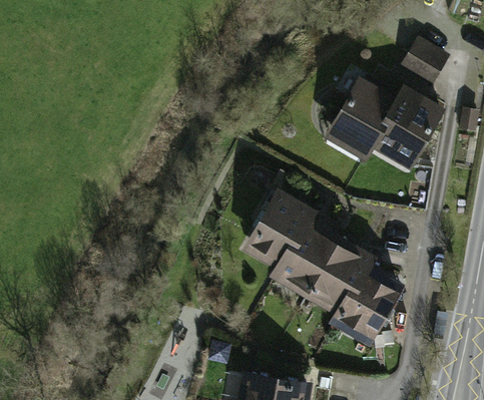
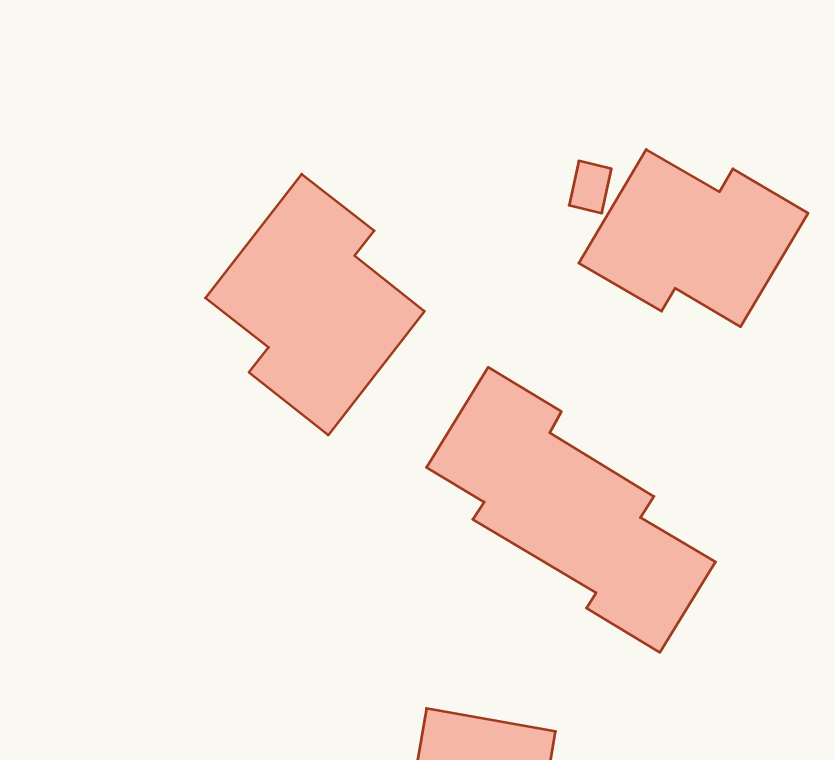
building: [399,36,451,89] -> none
building: none -> [205,174,424,435]

